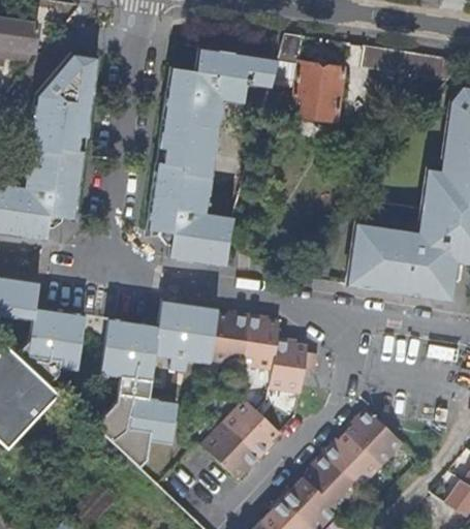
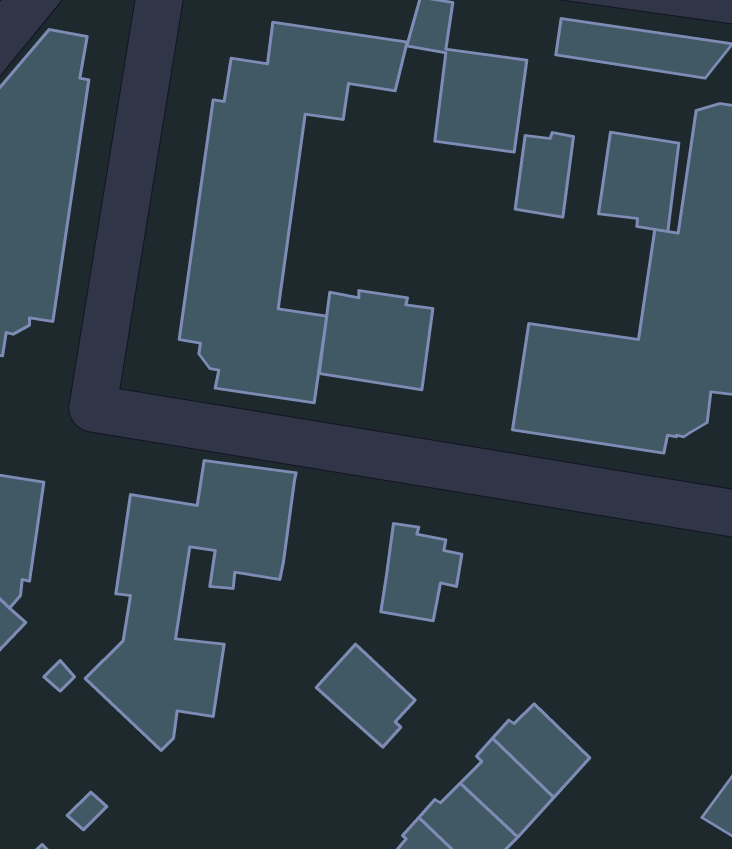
building: none -> [598,132,679,232]
building: none -> [515,133,574,217]
building: [208,310,273,367] -> [319,291,433,390]
building: [351,412,407,470] -> none
building: [206,430,264,484] -> none

